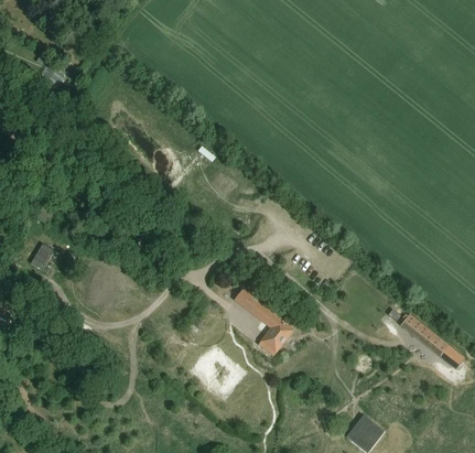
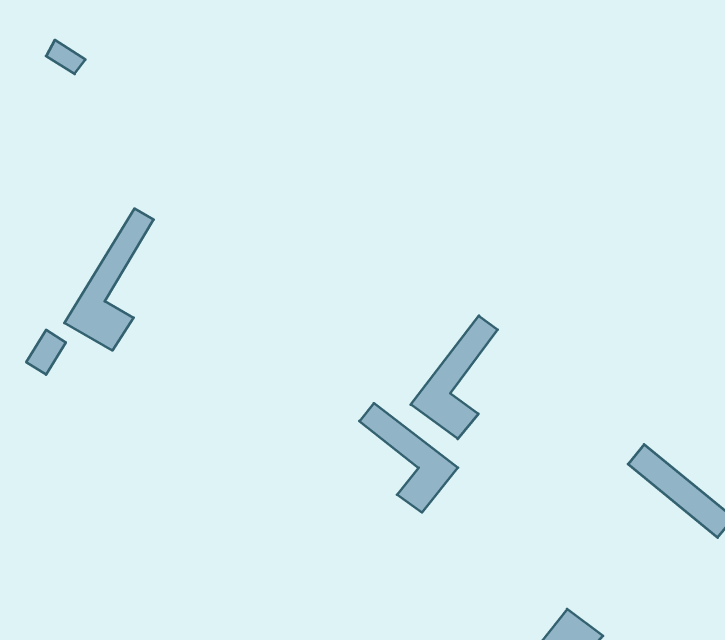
building: none -> [64,209,154,350]
building: none -> [411,316,498,439]

